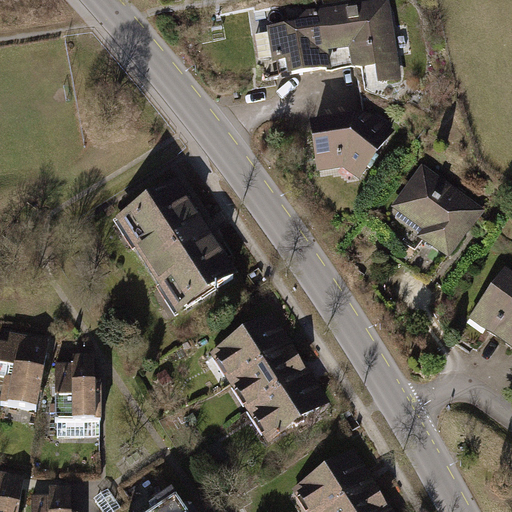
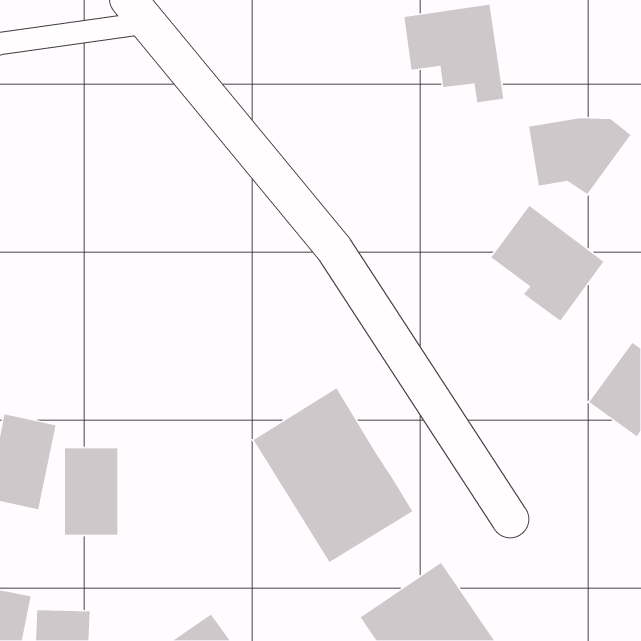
building: [268,13,330,80] -> none
building: [313,111,395,173] -> [528,117,631,195]
building: [109,175,239,318] -> none

